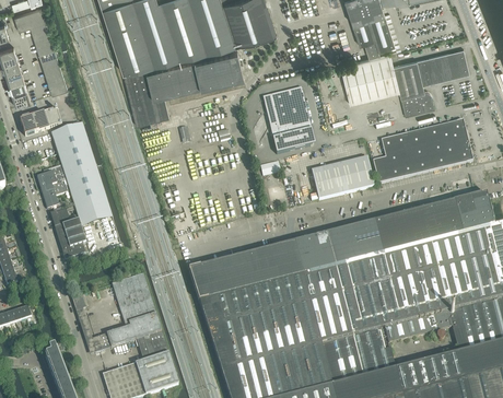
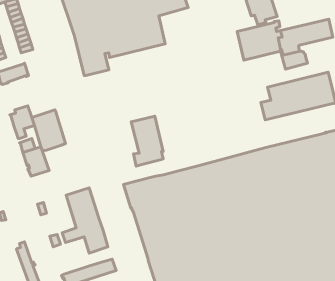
building: [269,84,312,151] -> [131,116,163,166]
building: [50,120,96,177] -> none
building: [311,153,373,197] -> none
building: [102,350,173,387] -> none

